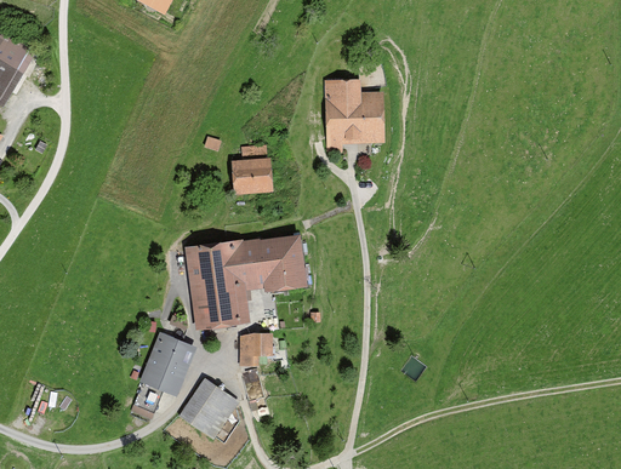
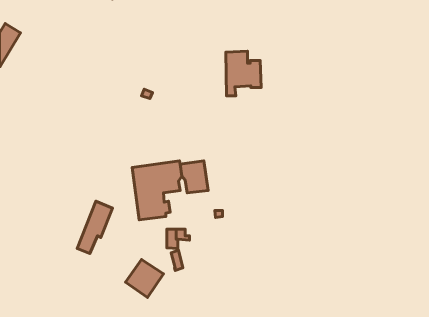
building: [233,145,268,187] -> none
building: [135,334,186,410] -> [77,201,113,254]

